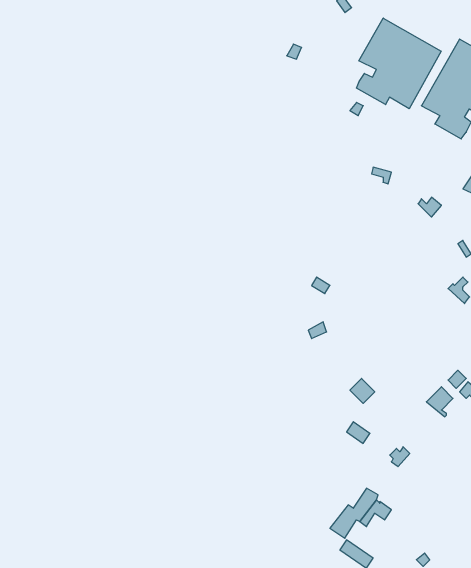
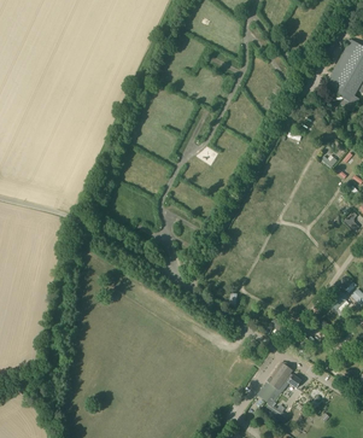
building: [357,18,441,109] -> none

